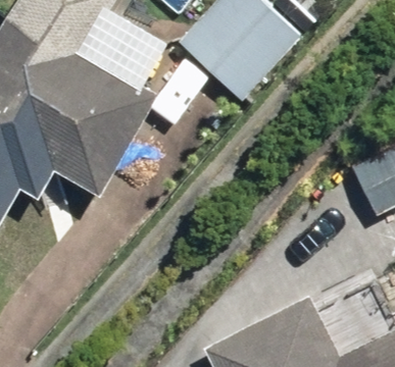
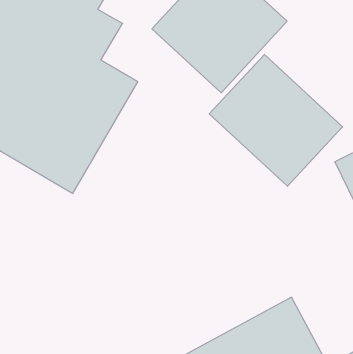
building: none -> [209,55,343,186]

